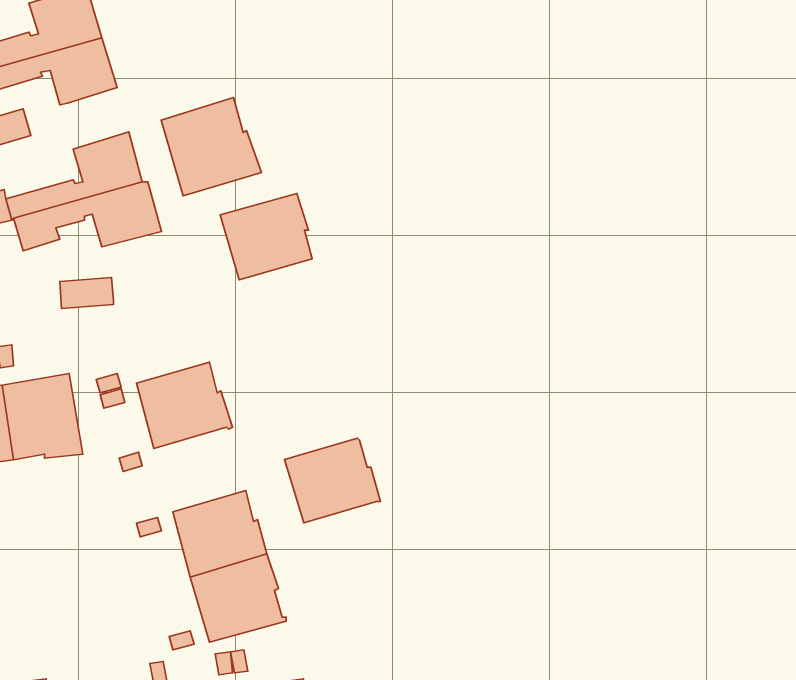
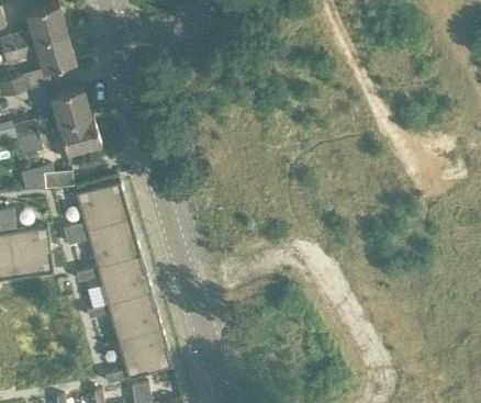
building: [161,98,262,196] -> none
building: [220,194,312,280] -> [76,182,128,232]
building: [285,438,380,523] -> [97,257,152,305]

